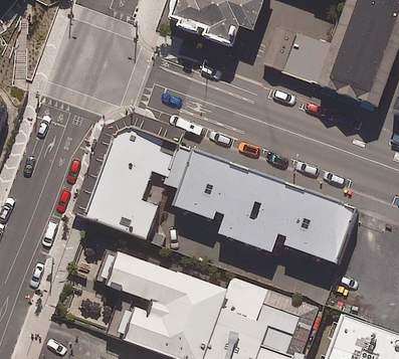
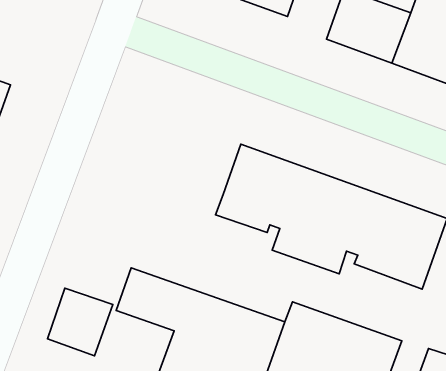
building: [85,129,193,240] -> none
building: none -> [47,288,113,356]

